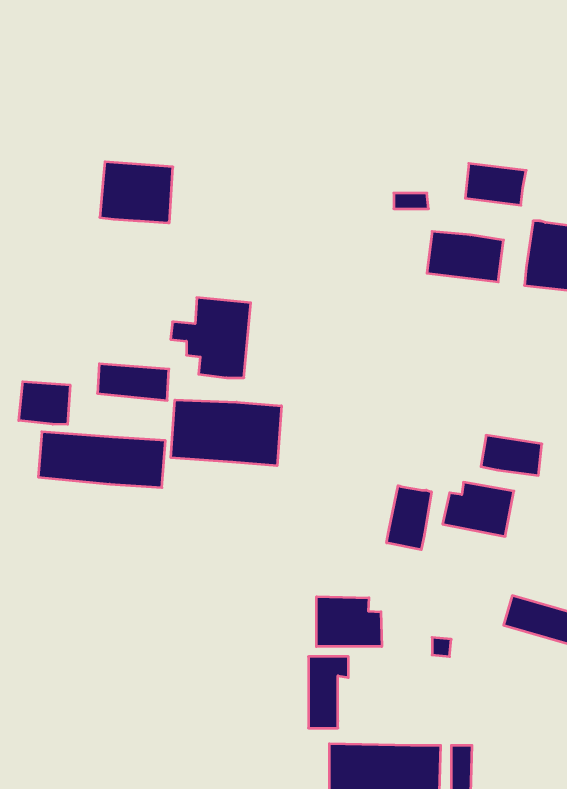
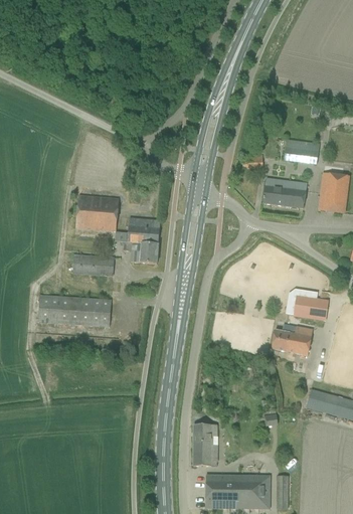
building: [100,162,173,223] -> [76,195,119,230]
building: [19,382,70,424] -> none
building: [171,400,281,466] -> none
building: [387,486,431,550] -> none
building: [316,597,382,647] -> none

